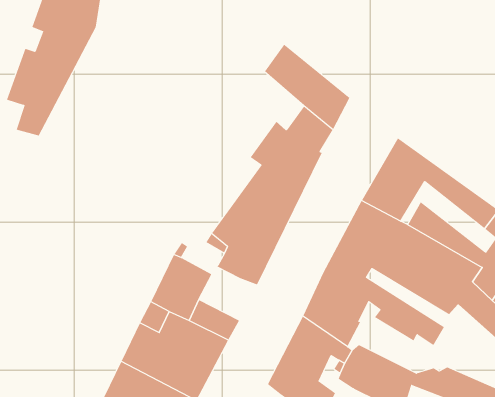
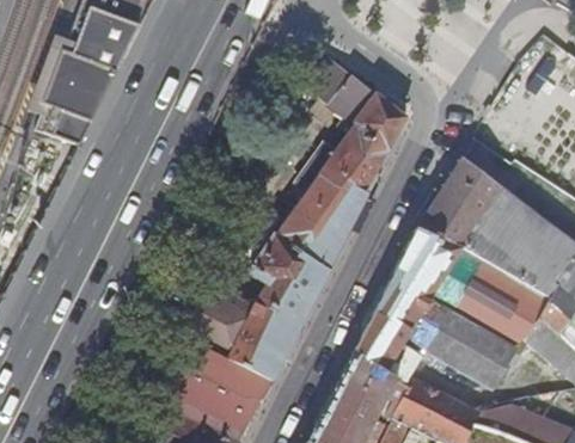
building: none -> [244,296,307,355]

